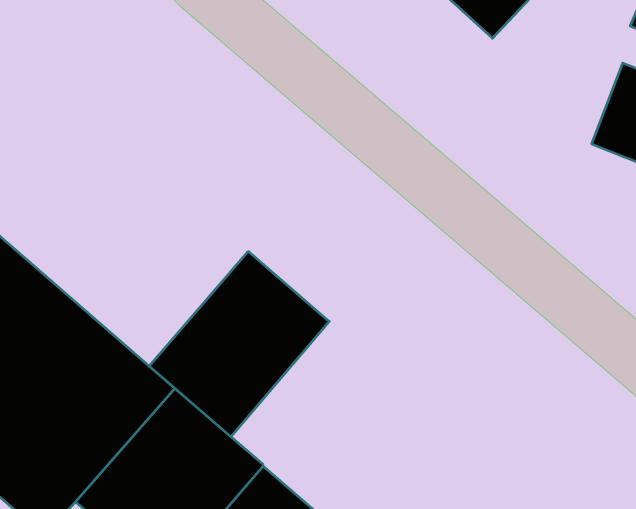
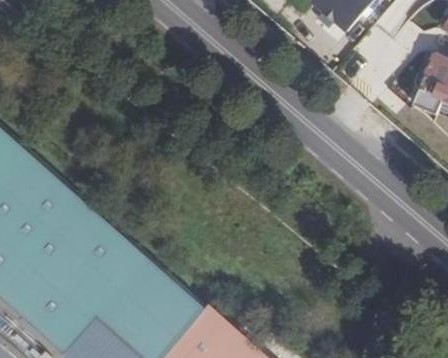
building: [149,252,329,437] -> none

